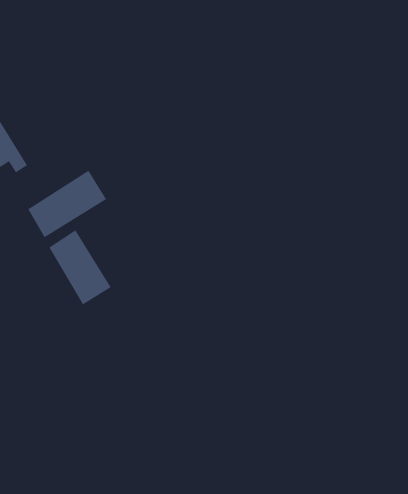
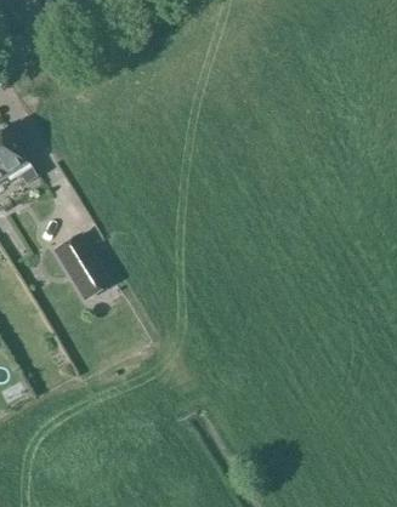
building: [28,170,107,238] -> none

